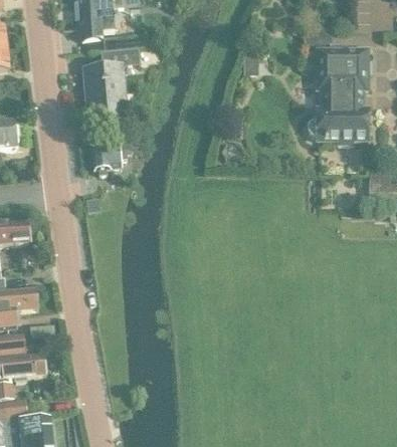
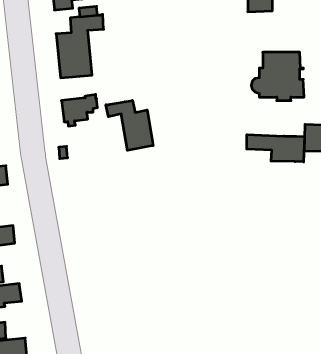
building: [317,47,367,88] -> none
building: none -> [106,100,153,150]
building: none -> [247,135,305,162]

